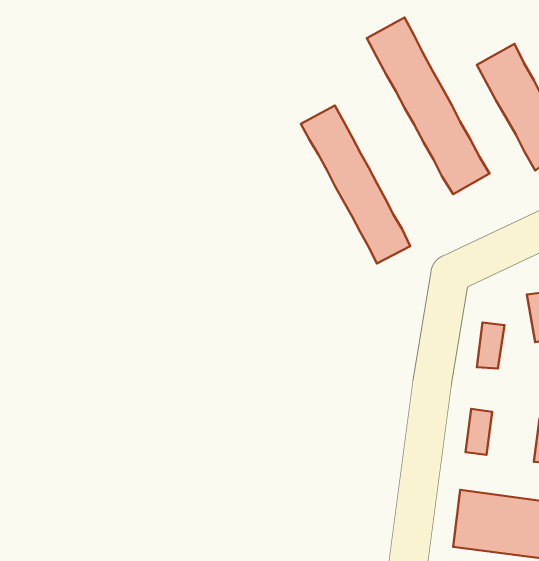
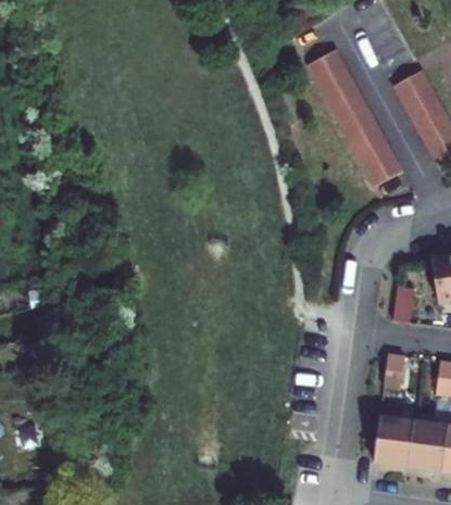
building: [301,106,410,263] -> none

